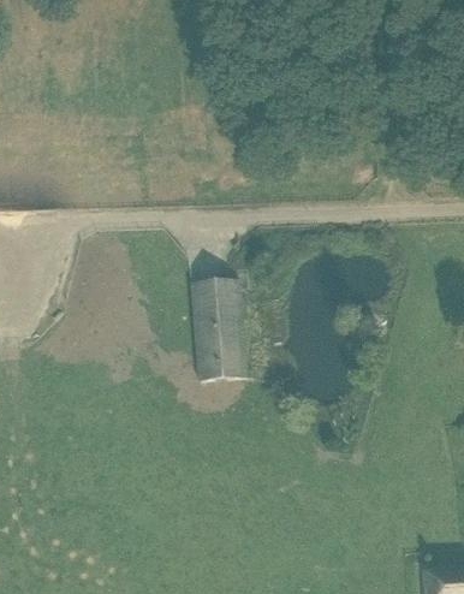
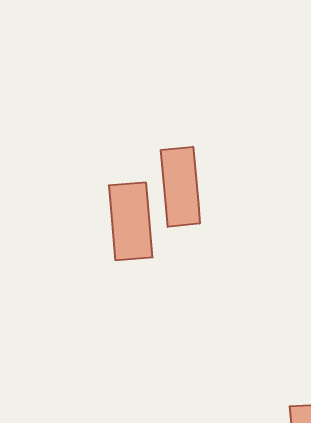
building: none -> [161,147,200,227]

